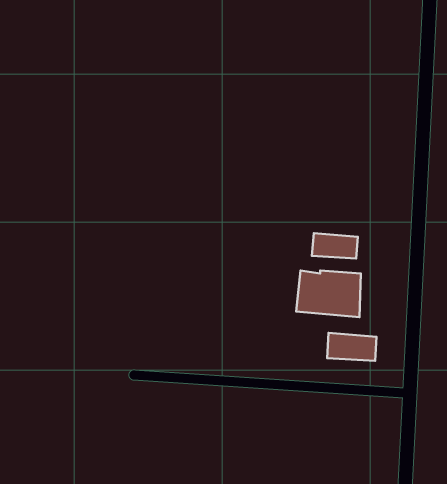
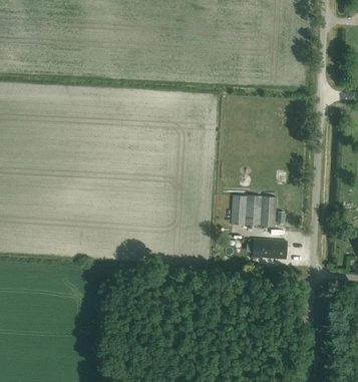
building: [312,233,358,259] -> none

